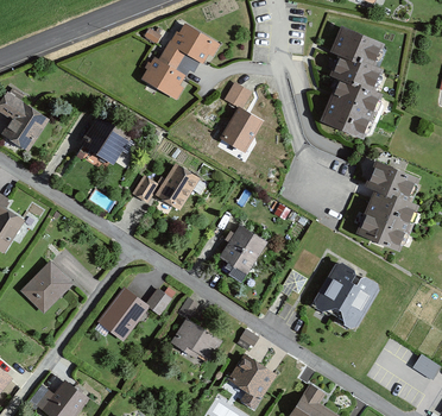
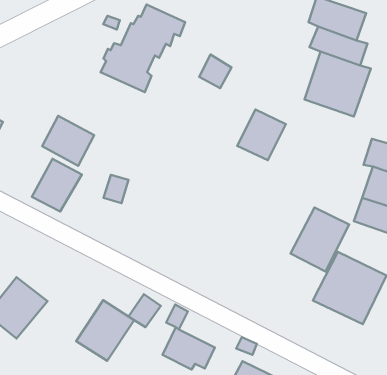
building: [220,106,265,152] -> [237,110,286,160]
building: none -> [32,159,82,212]
building: [157,164,200,209] -> none
building: [214,225,269,283] -> [291,208,349,272]

